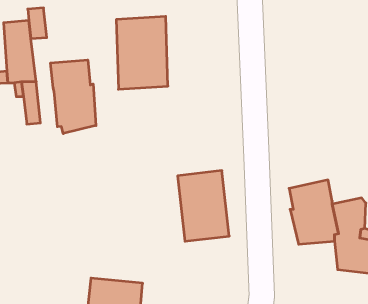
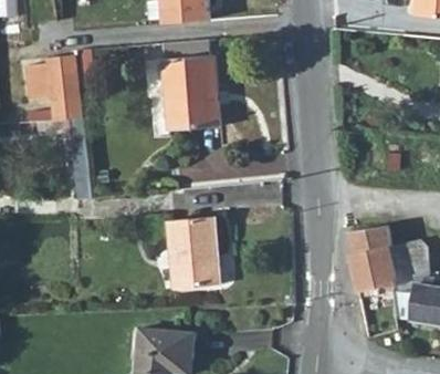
building: [51,60,96,134] -> none
building: [178,171,229,241] -> [167,215,221,289]

